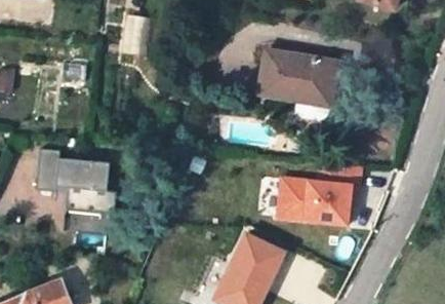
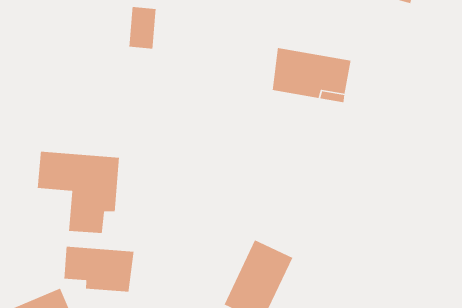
building: [277,175,356,220] -> none
building: none -> [63,246,134,292]

